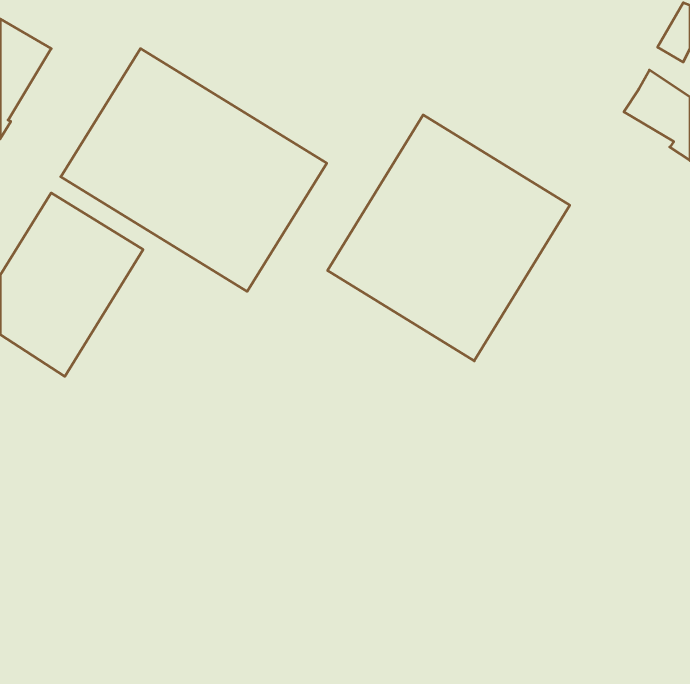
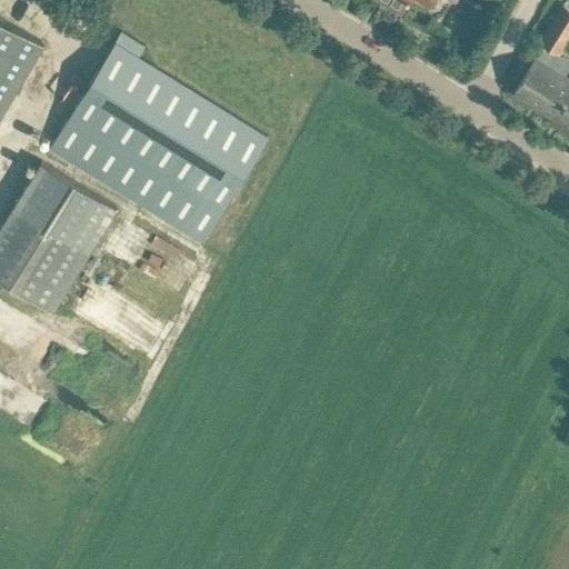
building: [328,115,570,361] -> none

